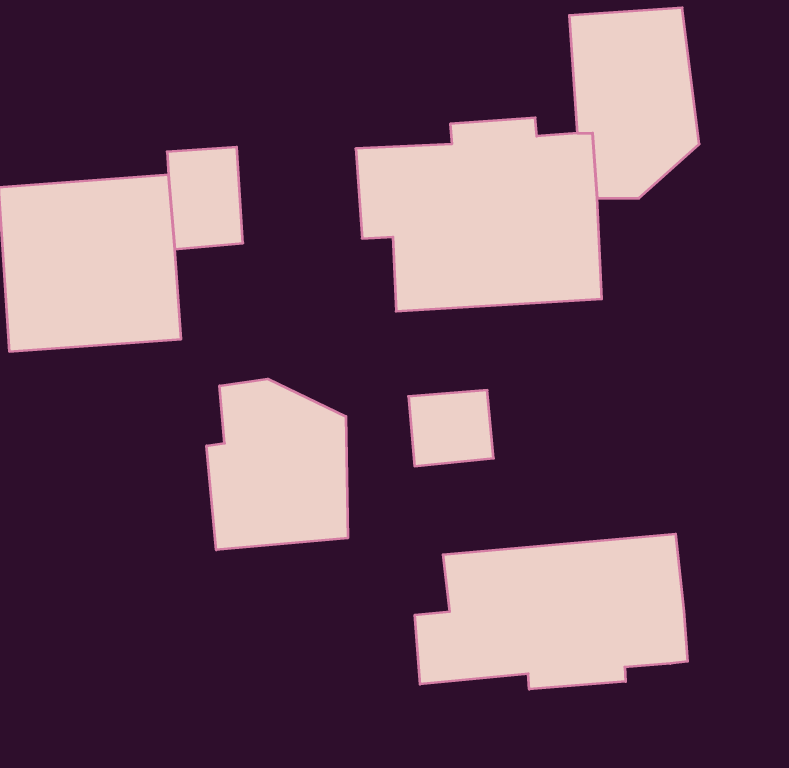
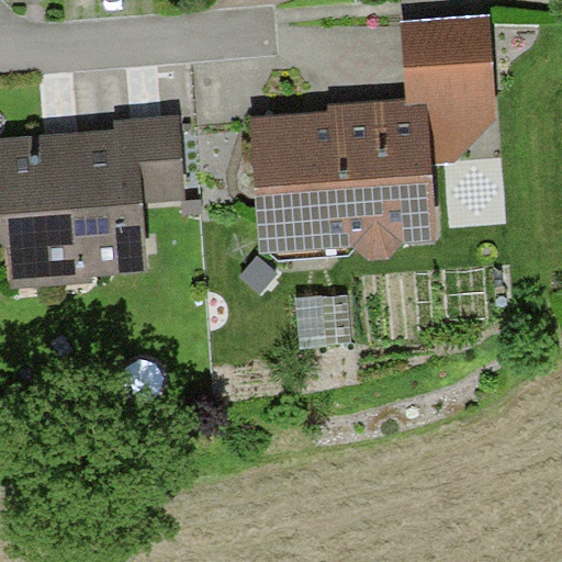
building: [207,379,348,550] -> none
building: [415,534,688,689] -> none

